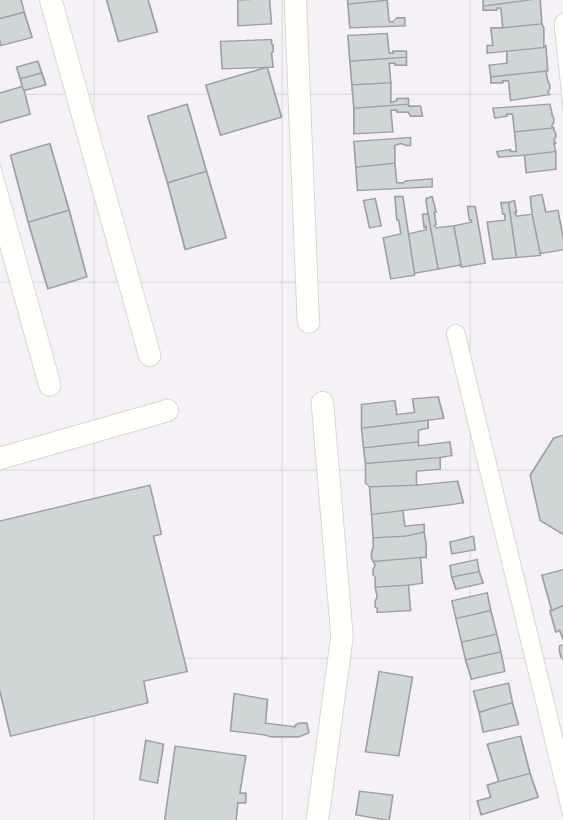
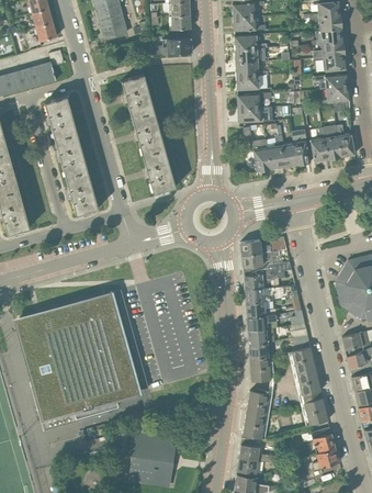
building: [206,67,282,135] -> none
building: none -> [142,148,176,193]
building: none -> [65,170,98,214]
building: none -> [249,357,270,381]
building: [230,694,309,737] -> [239,437,283,461]

